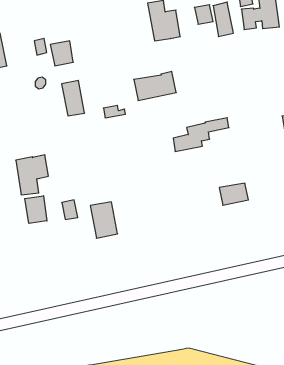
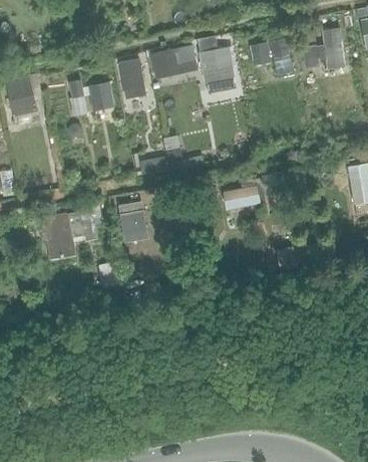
building: [134,71,176,101] -> [147,45,196,78]
building: [62,80,85,116] -> [119,56,145,96]
building: [25,196,47,223] -> none
building: [90,202,118,238] -> [116,203,147,244]

